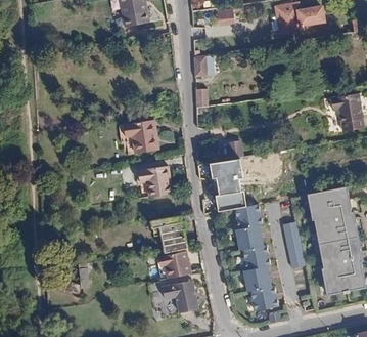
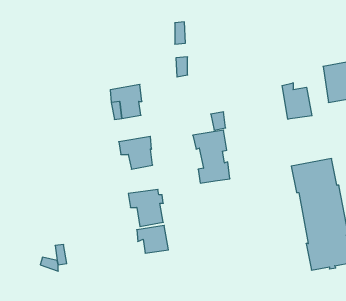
building: none -> [282,83,312,119]
building: [233,205,276,311] -> none
building: [281,222,306,269] -> none
building: [159,283,193,314] -> none

